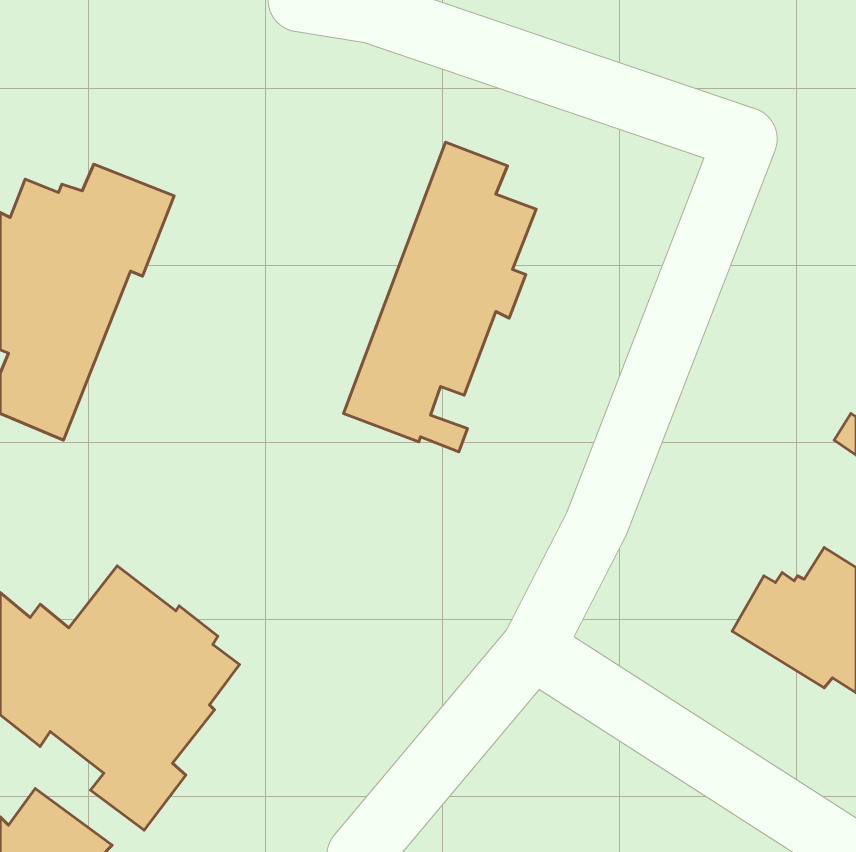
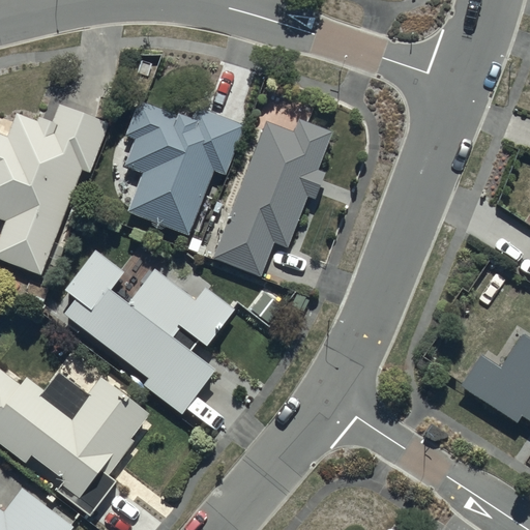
building: none -> [124,100,243,236]
building: none -> [63,246,233,414]

